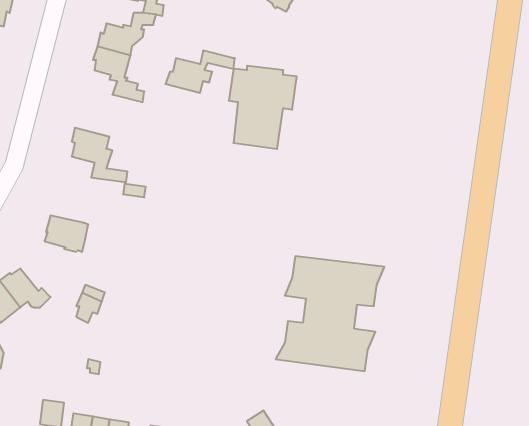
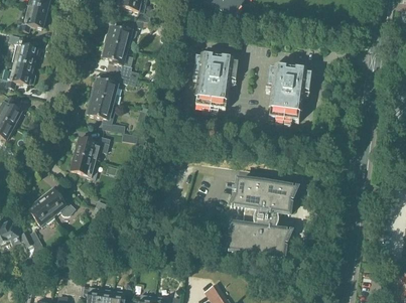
building: [165,51,235,93] -> [90,72,136,101]
building: none -> [266,66,311,121]
building: none -> [74,135,109,158]

